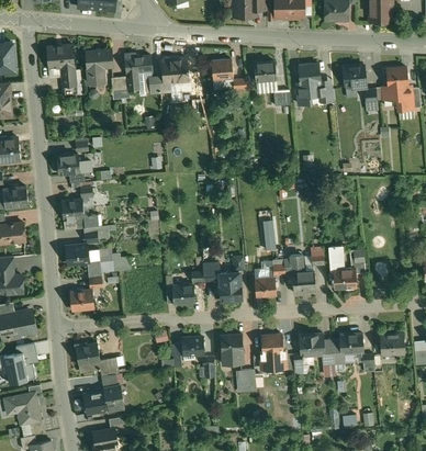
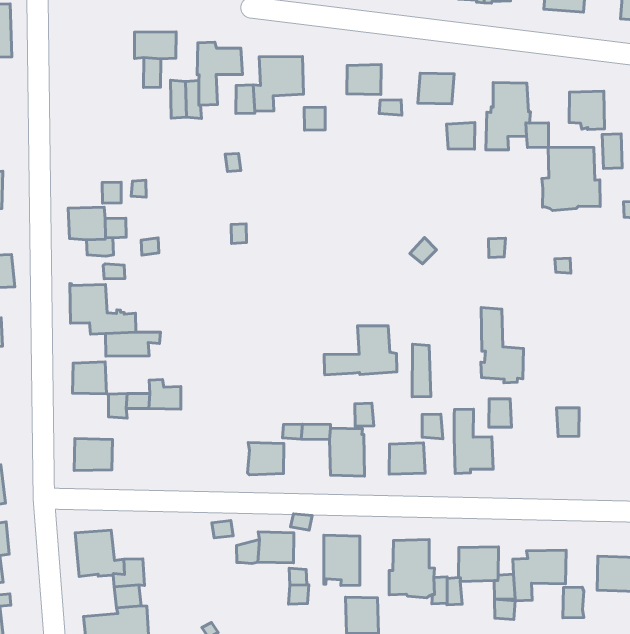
building: [46,44,76,89] -> none
building: none -> [542,147,600,210]
building: none -> [324,326,397,375]
building: [329,248,357,291] -> [481,308,523,383]

